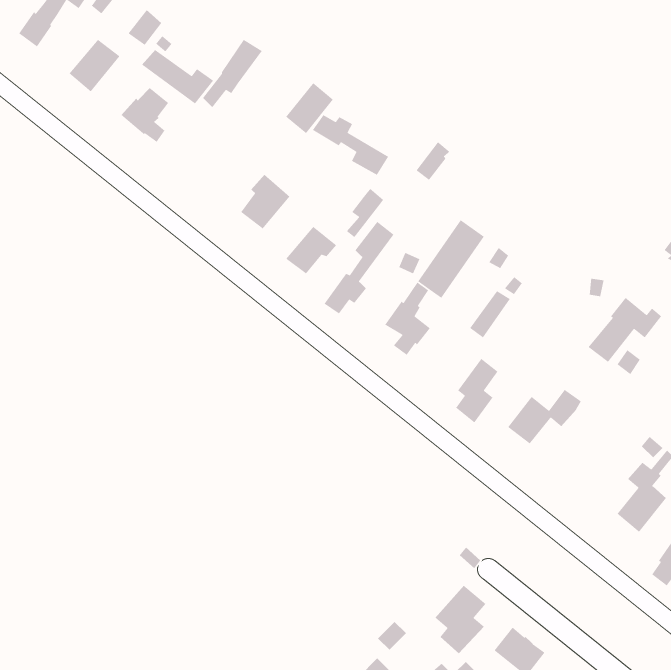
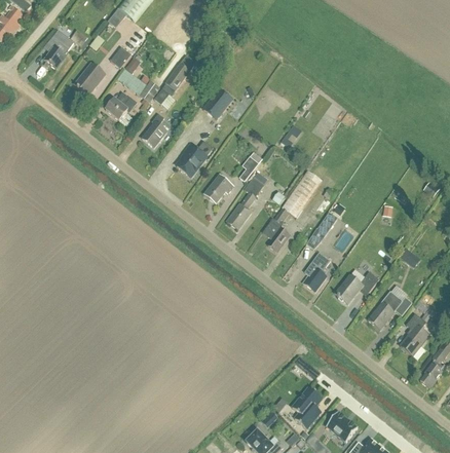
building: [312,114,389,176] -> none
building: none -> [142,113,166,147]
building: [587,297,662,363] -> [368,290,412,329]

